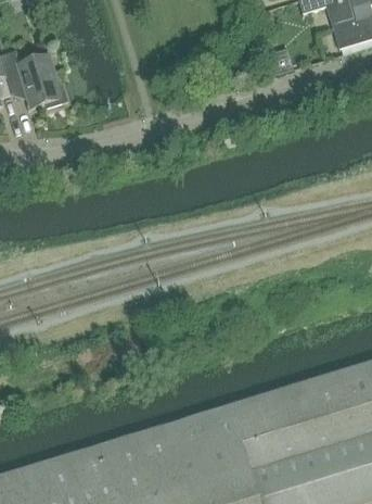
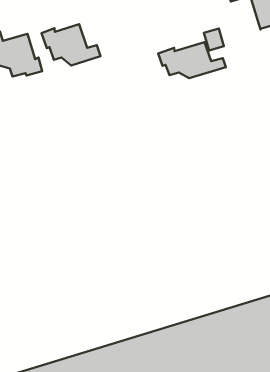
building: none -> [42,24,100,65]
building: none -> [158,42,226,78]

